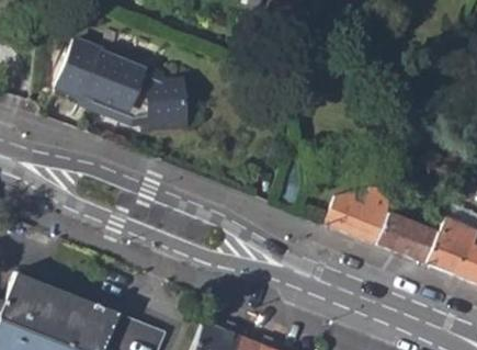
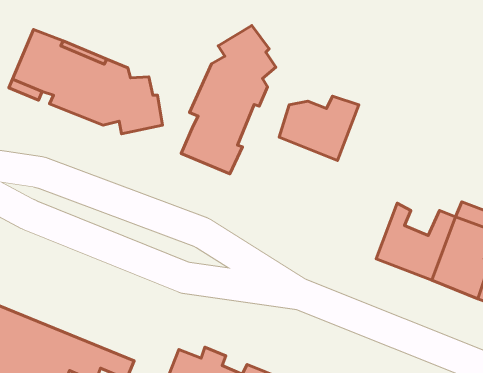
building: none -> [181,25,276,174]
building: [327,187,397,244] -> [279,96,359,161]

